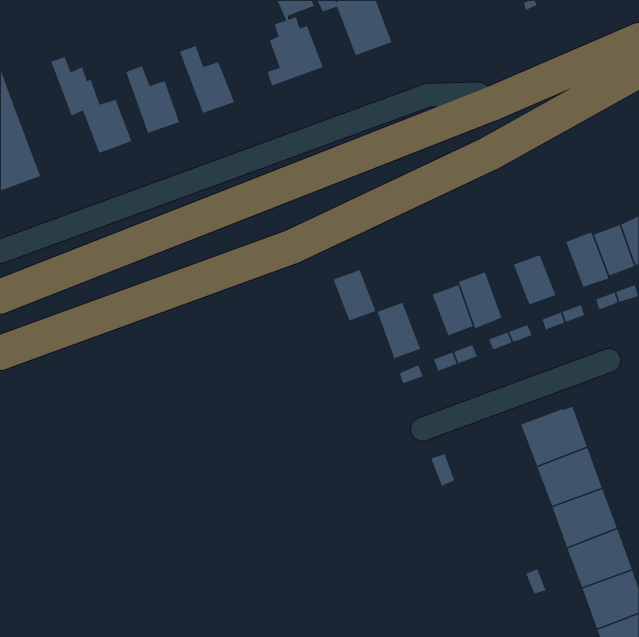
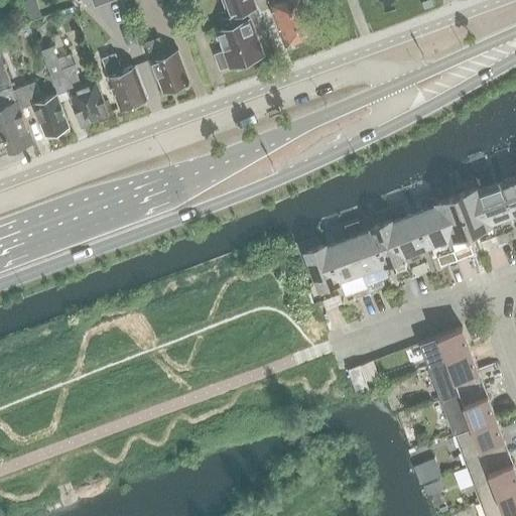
building: none -> [13,83,69,138]
building: none -> [434,197,470,242]
building: none -> [392,215,426,256]
building: [333,269,376,322] -> [326,239,361,281]

